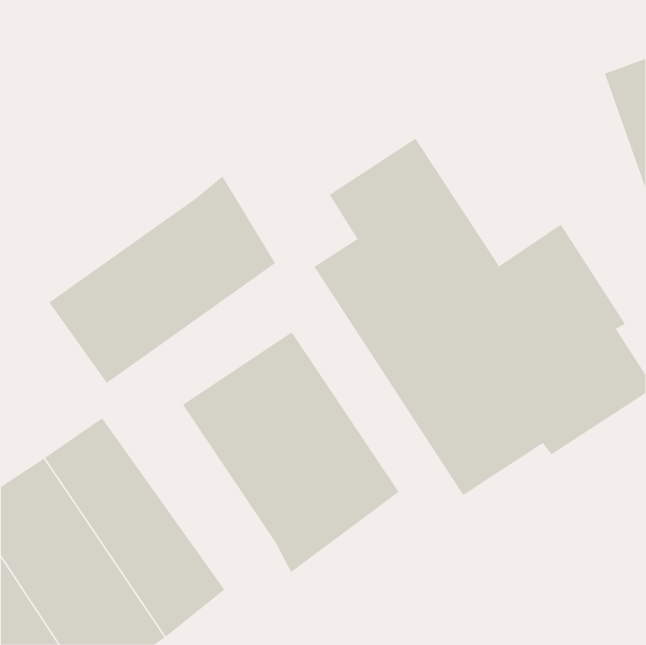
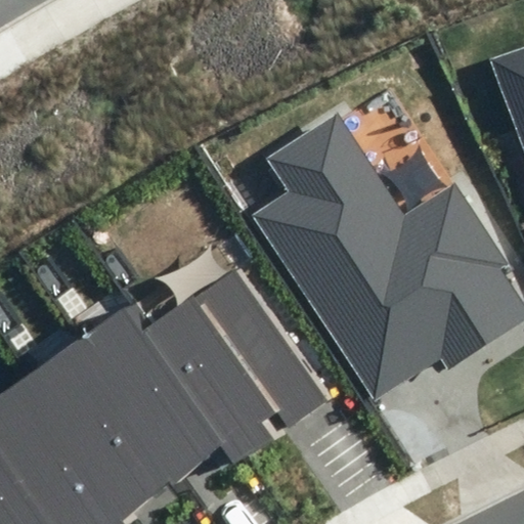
building: [49,175,276,384] -> none
building: none -> [83,305,223,477]

